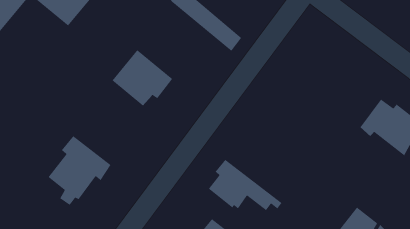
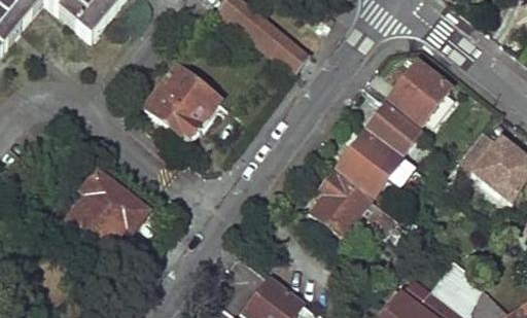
building: none -> [388,62,450,123]
building: none -> [366,103,420,153]
building: none -> [336,130,399,193]
building: [208,159,283,211] -> [311,172,405,238]

